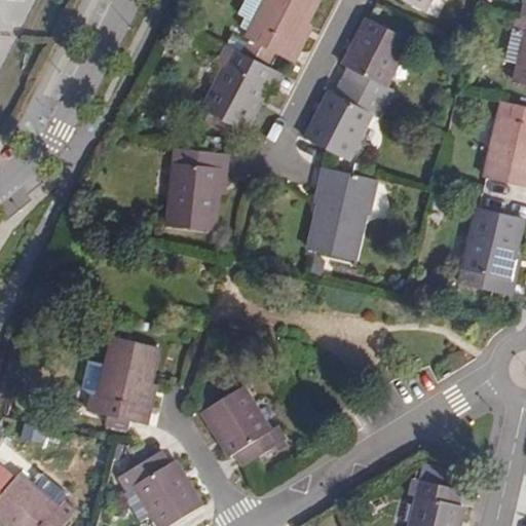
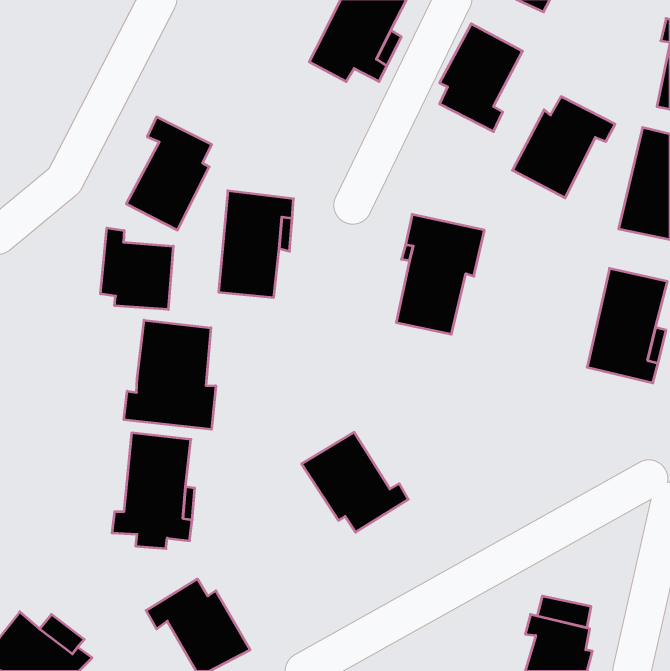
building: [202,45,269,134] -> [126,117,212,230]
building: [305,81,385,160] -> [512,97,615,198]
building: none -> [101,228,173,310]
building: none -> [124,320,216,429]
building: [197,385,280,463] -> [302,432,408,532]

